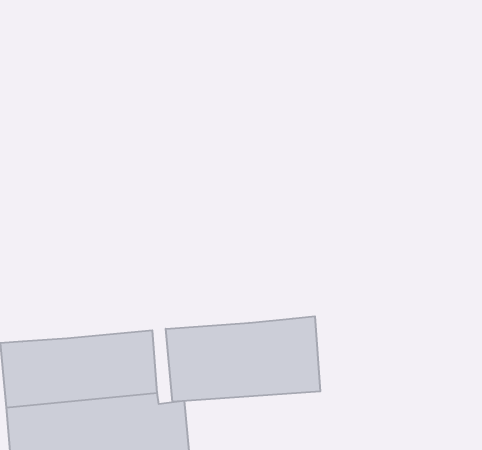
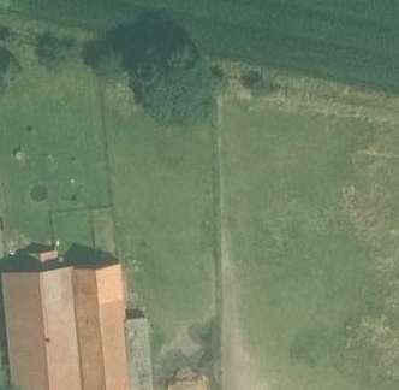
building: [166,316,320,402] -> none

